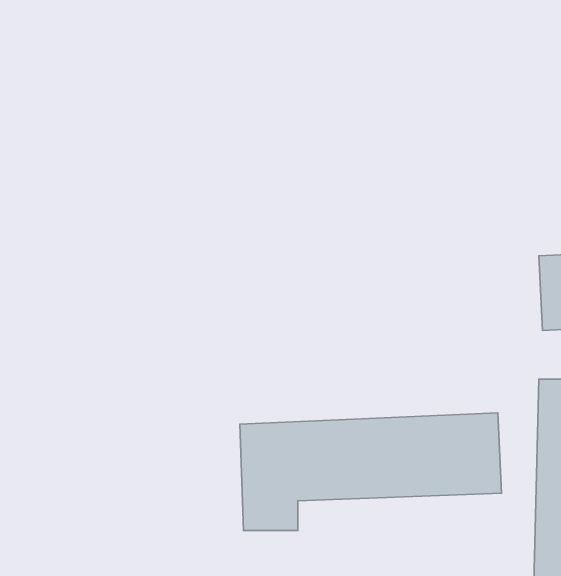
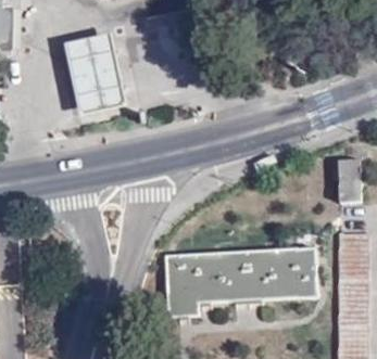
building: none -> [65,33,124,112]

